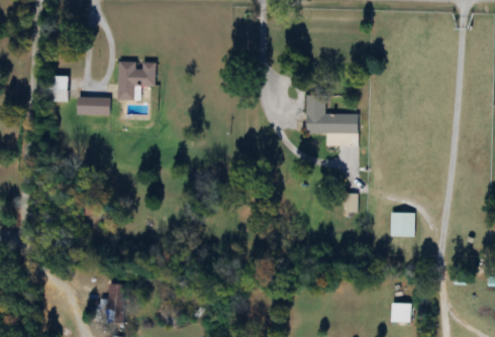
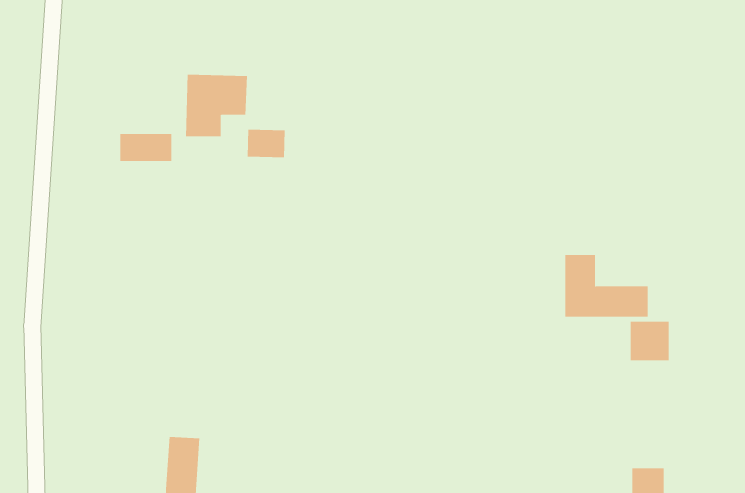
building: [52,76,68,101] -> none
building: [306,94,358,132] -> [564,255,648,317]
building: none -> [247,129,285,158]

